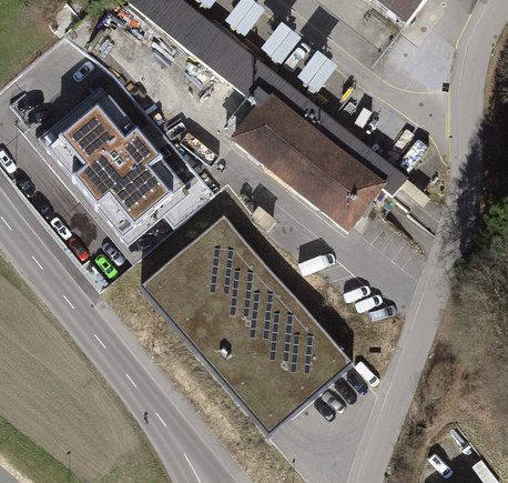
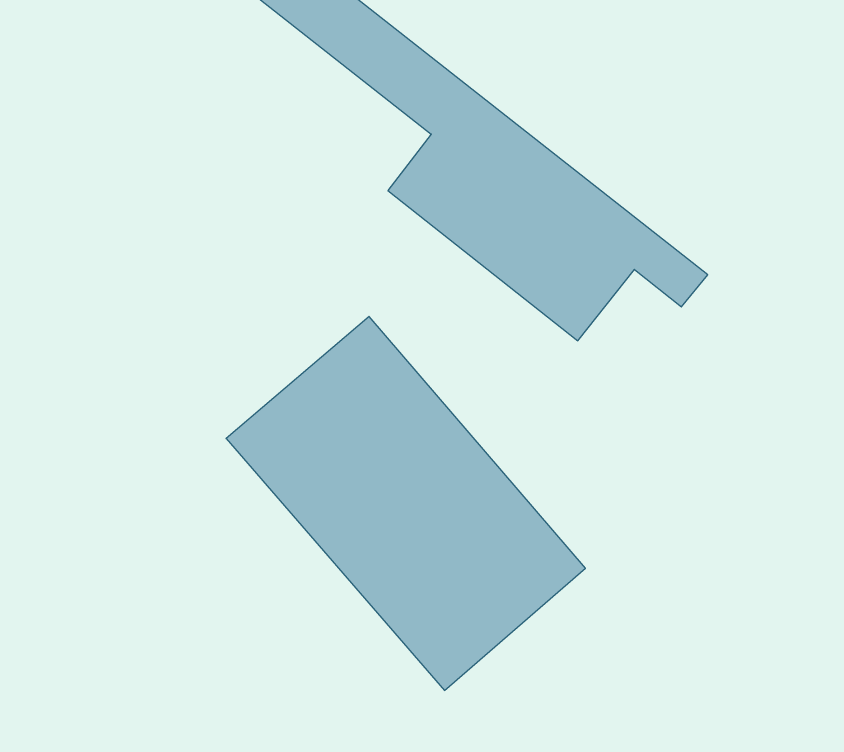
building: [55,97,214,229] -> none

